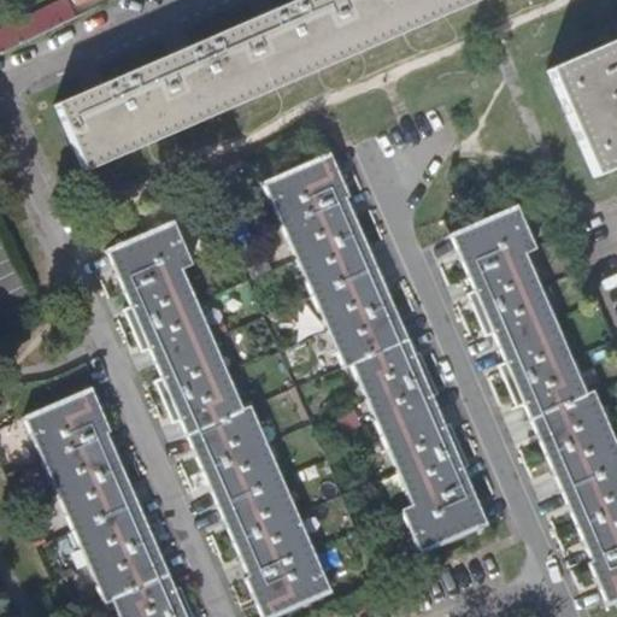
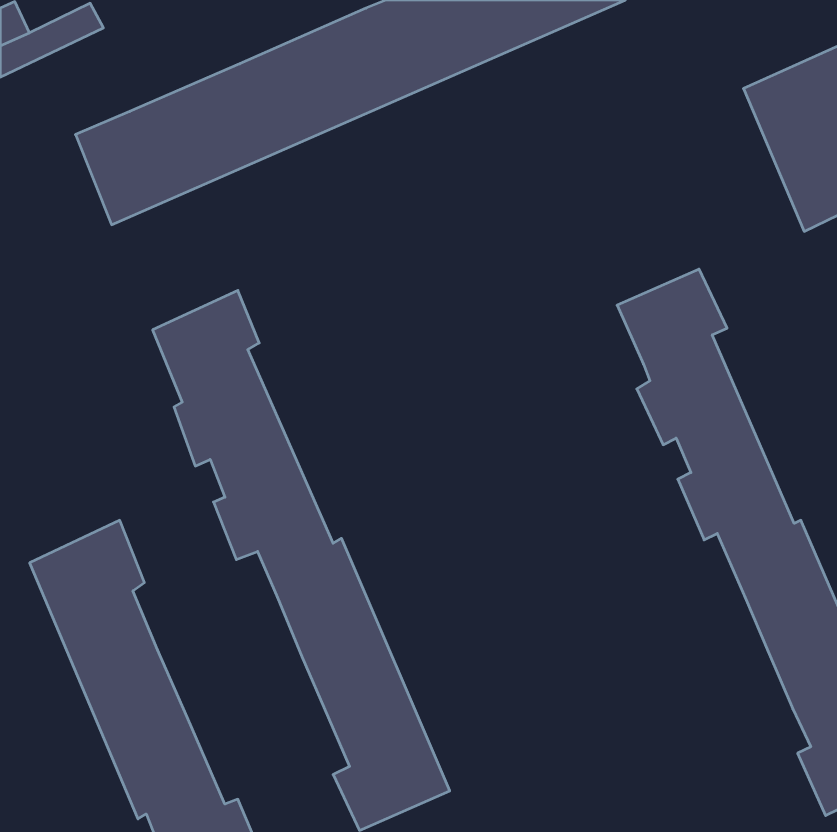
building: [268,153,481,550] -> none

